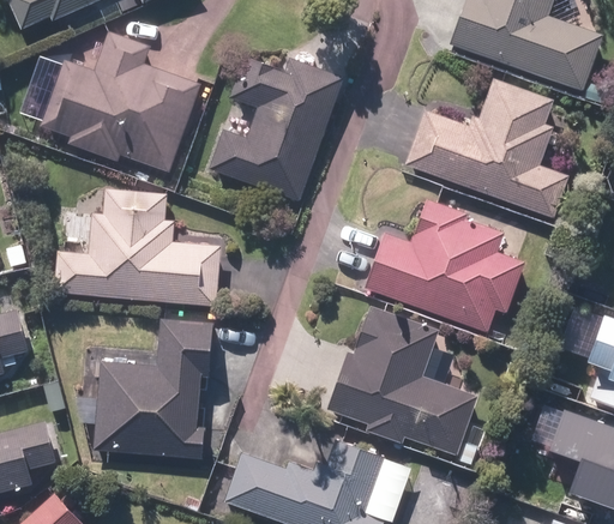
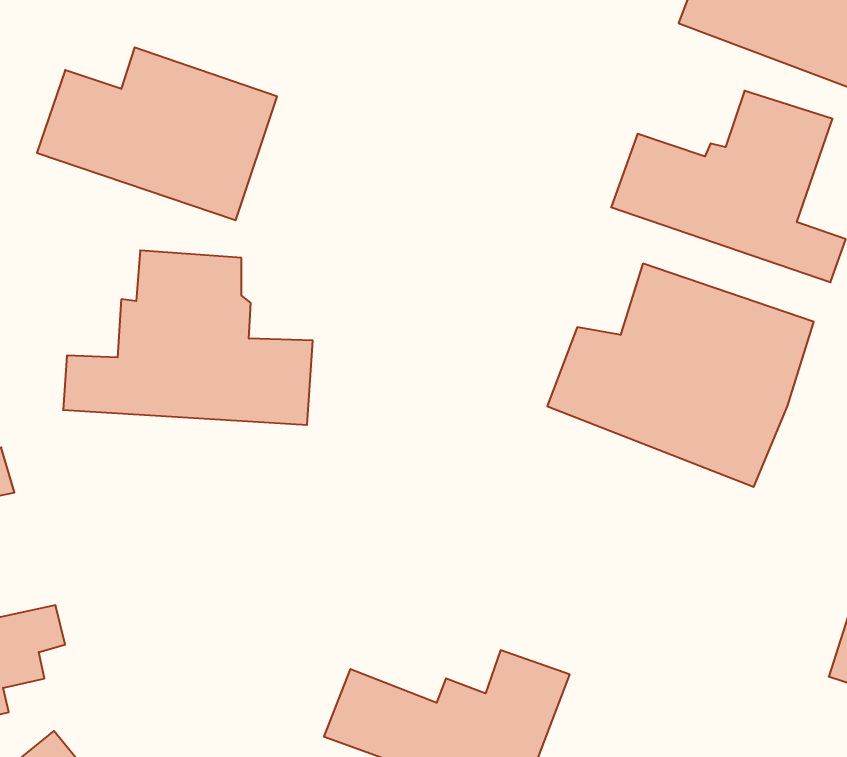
building: [211,60,336,199] -> none
building: [330,309,474,456] -> none
building: [97,321,204,454] -> none

